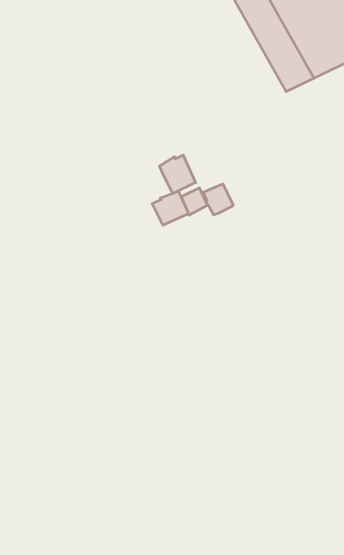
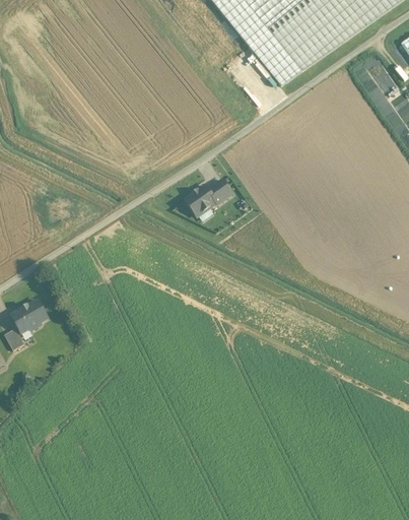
building: [160,155,196,193] -> none
building: [203,184,233,215] -> none

